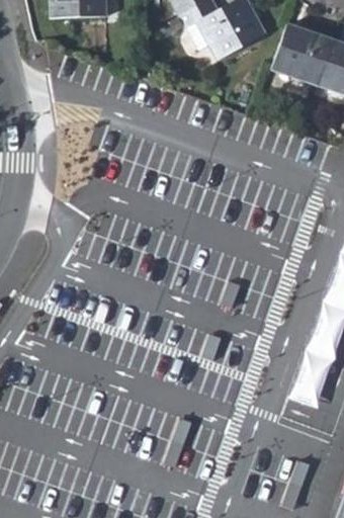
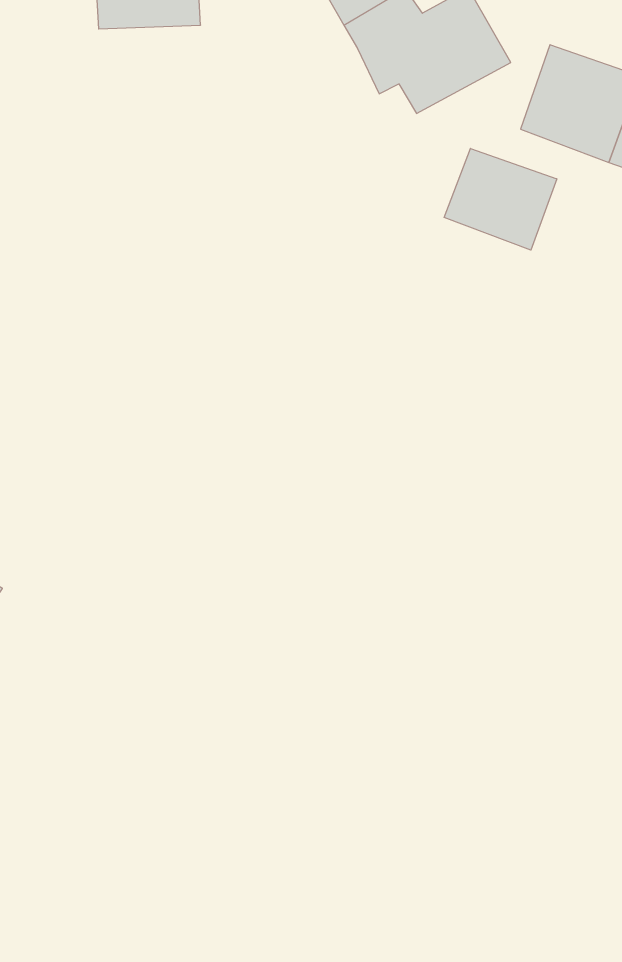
building: none -> [444,148,557,250]

